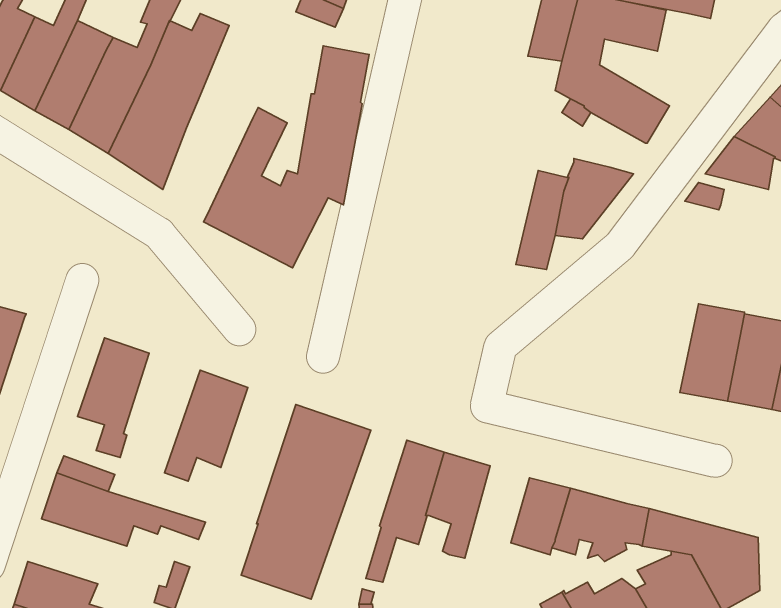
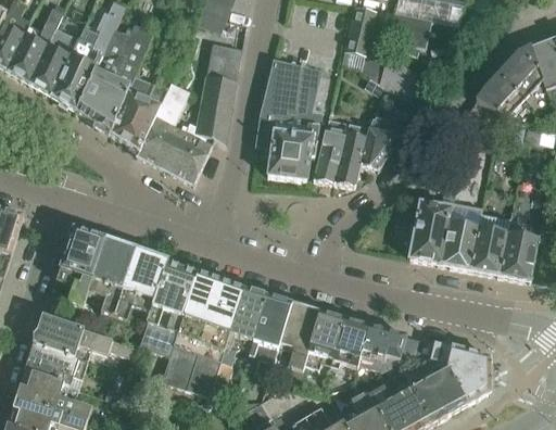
building: none -> [257,60,323,179]
building: none -> [111,74,168,150]
building: none -> [313,116,350,181]
building: none -> [403,170,459,263]
building: none -> [86,238,135,314]
building: none -> [146,260,195,346]
building: none -> [218,287,266,363]
building: none -> [300,309,344,378]
building: none -> [25,343,88,388]

